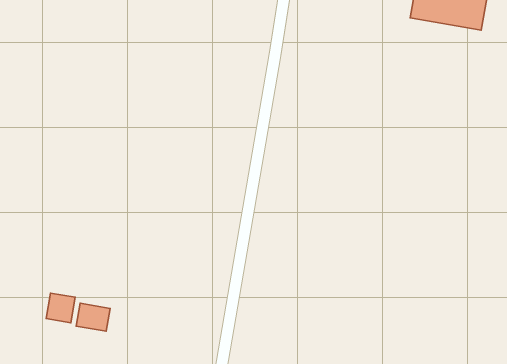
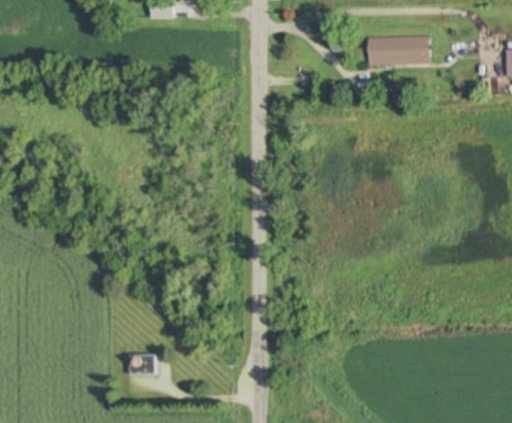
building: [46,293,75,323] -> none

